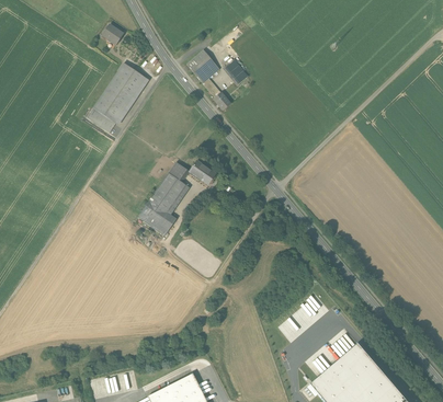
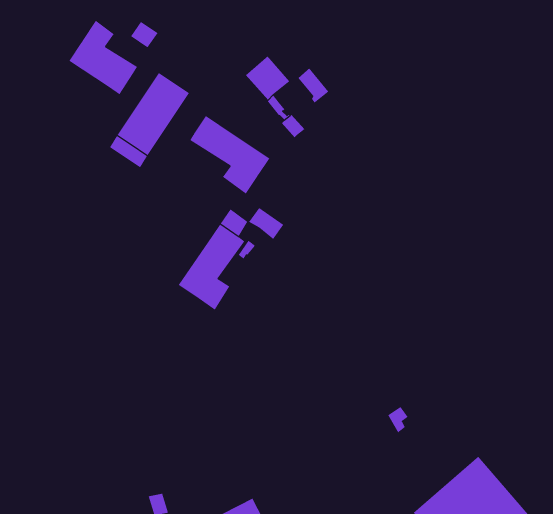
building: none -> [68,20,138,95]
building: none -> [190,115,270,195]

